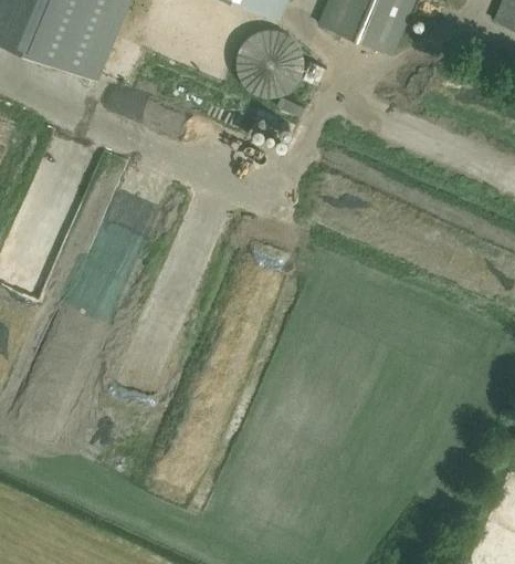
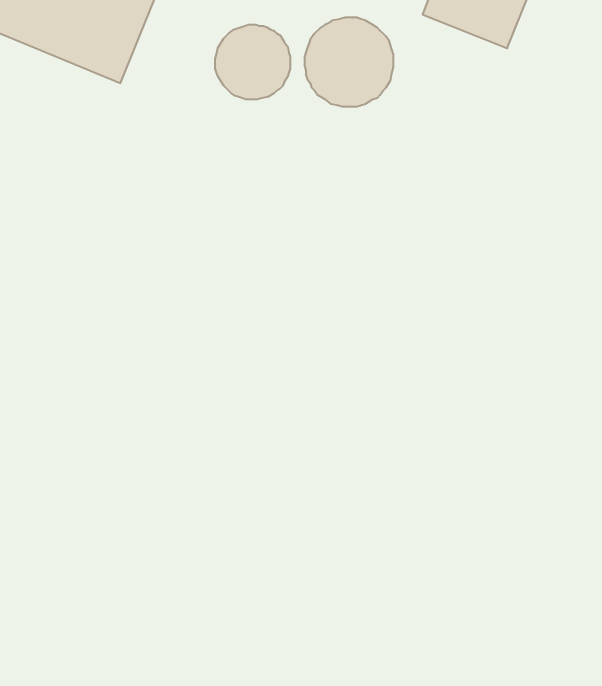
building: none -> [215,25,290,99]

